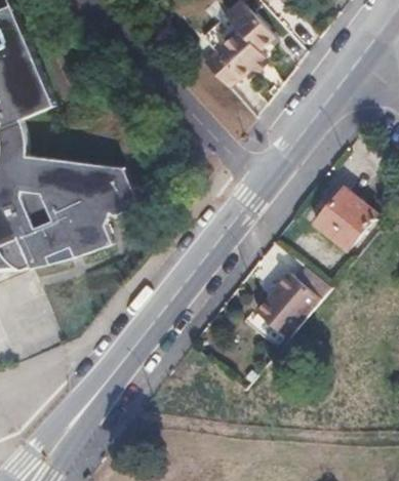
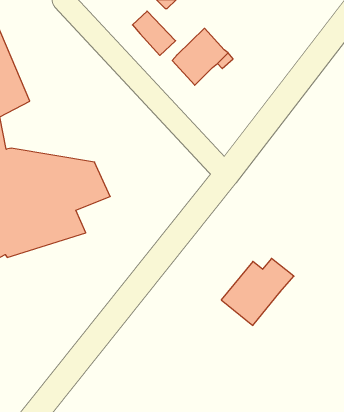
building: [228,7,273,53] -> [132,11,176,55]
building: [315,190,373,248] -> none

